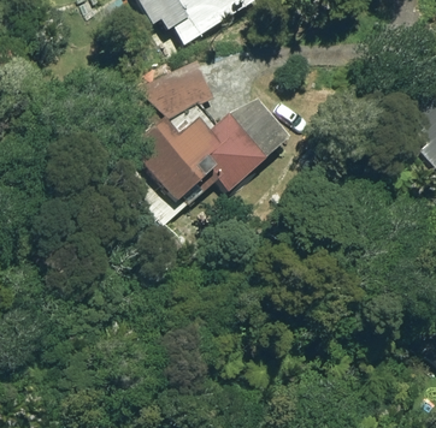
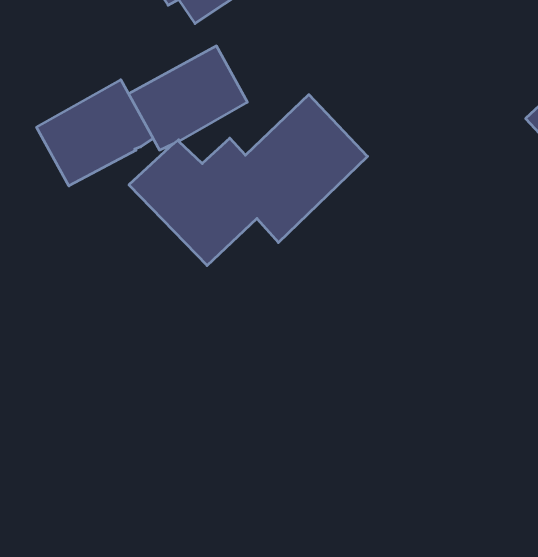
building: none -> [37,80,153,186]

